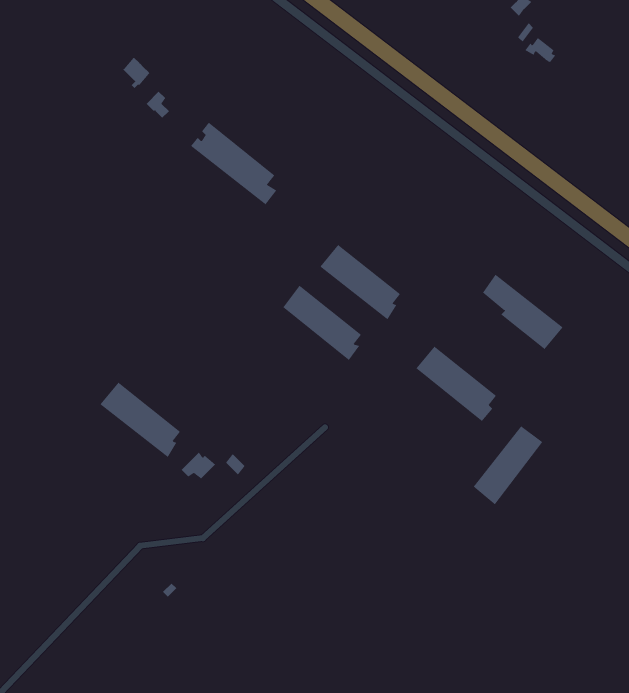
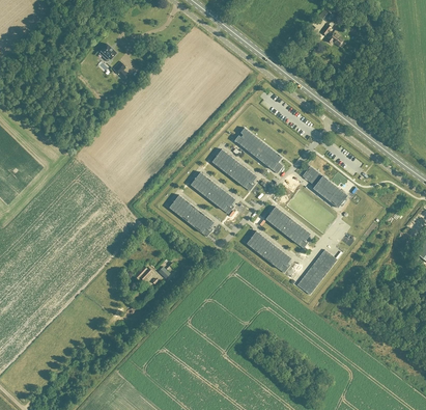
building: [190,122,277,205] -> [233,127,282,173]
building: [100,382,181,458] -> [168,194,214,237]
building: none -> [246,230,290,272]

